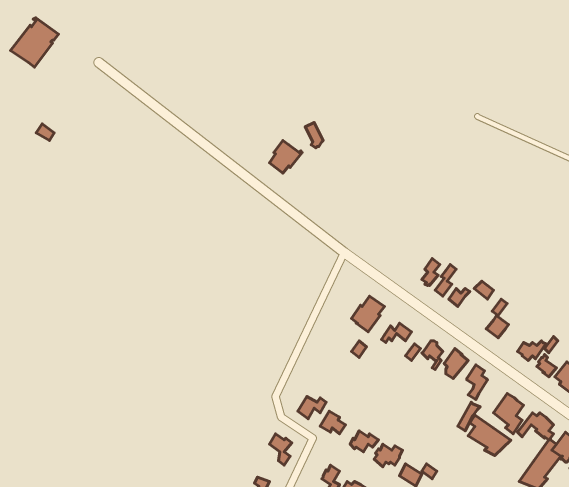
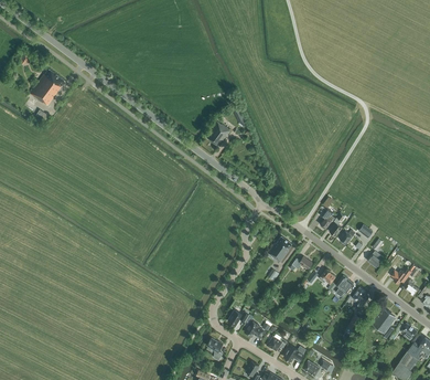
building: [11,18,58,67] -> [30,70,65,106]
building: [468,416,511,456] -> none

